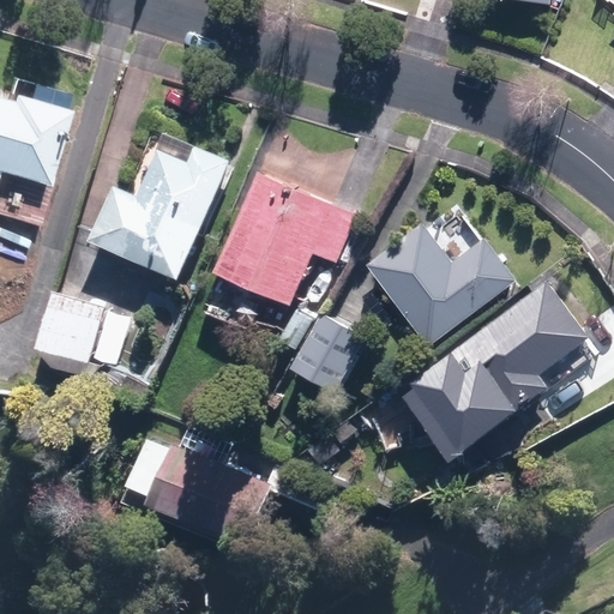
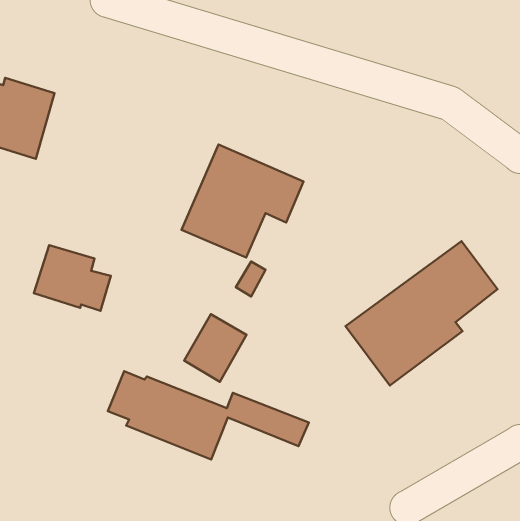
building: [88,145,228,279] -> none
building: [363,223,514,347] -> none
building: [290,314,363,393] -> [184,314,247,382]

